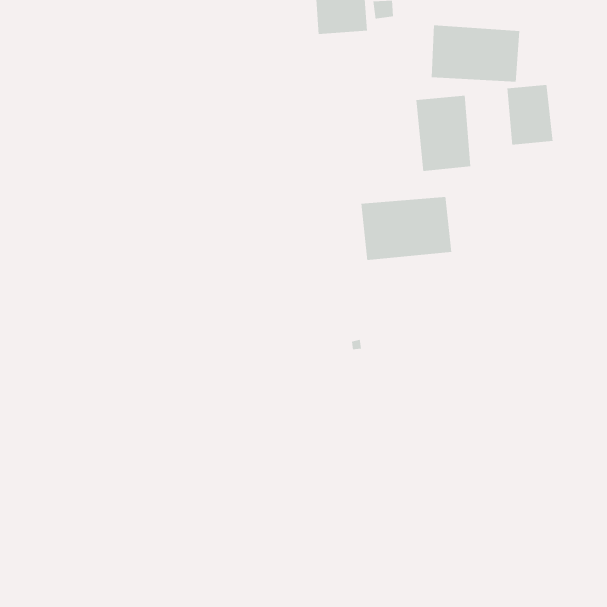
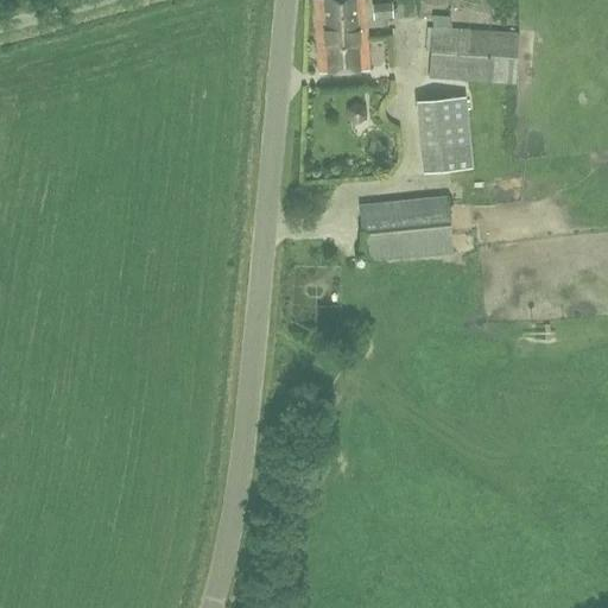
building: none -> [318,31,370,71]
building: [507,84,553,146] -> none

